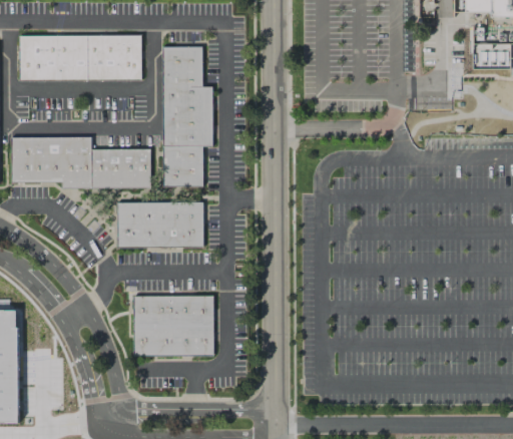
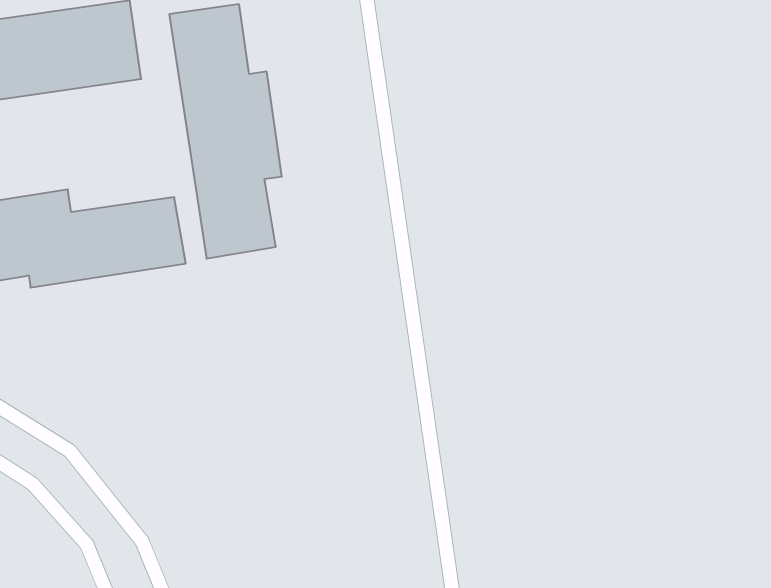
building: [116,202,203,247] -> none
building: [133,296,213,356] -> none

